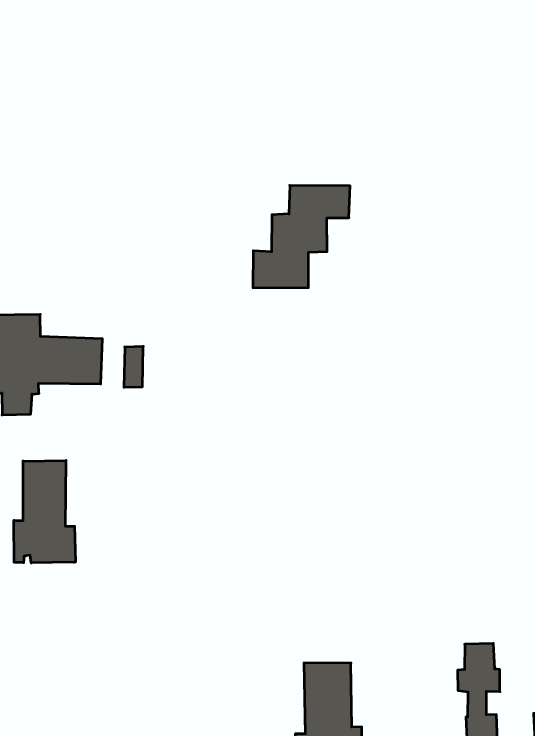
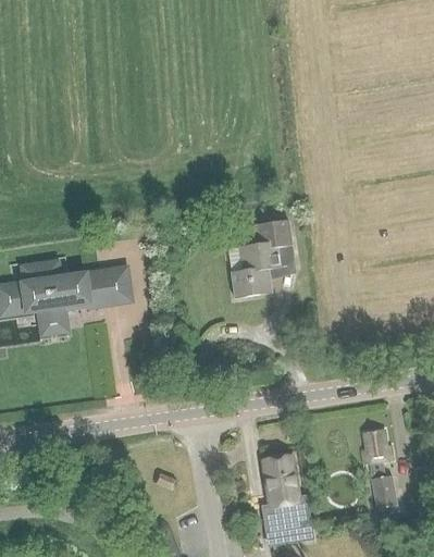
building: [253,185,350,288] -> [233,222,292,297]
building: [14,460,75,563] -> none

